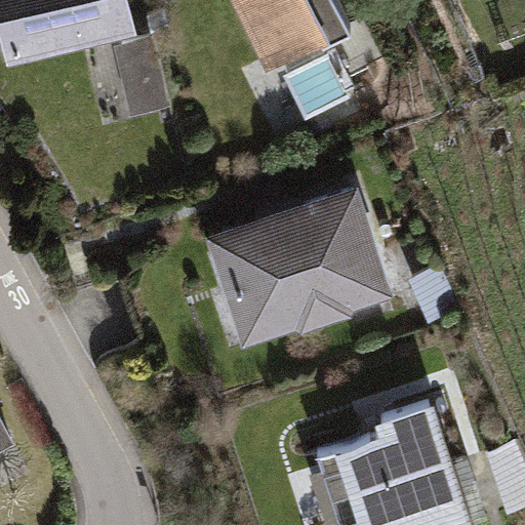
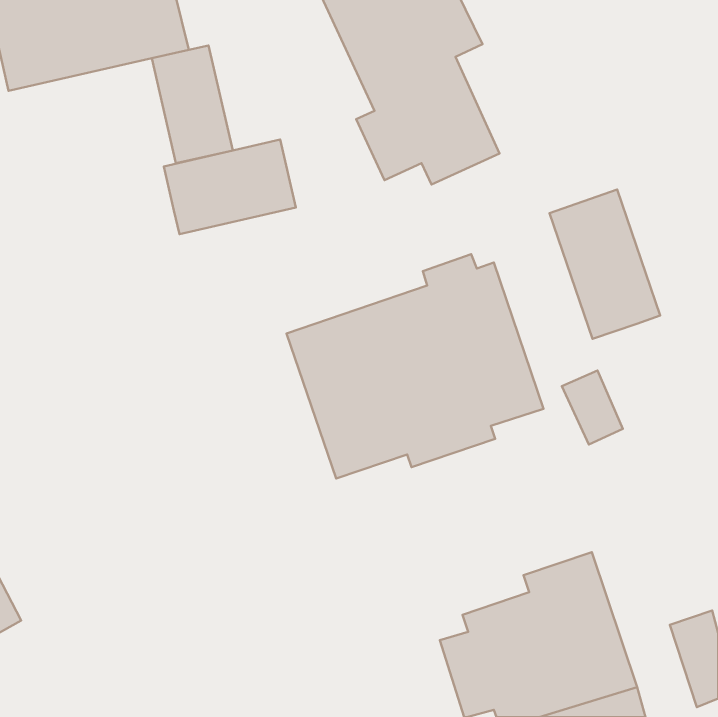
building: none -> [164,140,296,234]
building: none -> [549,190,660,339]

